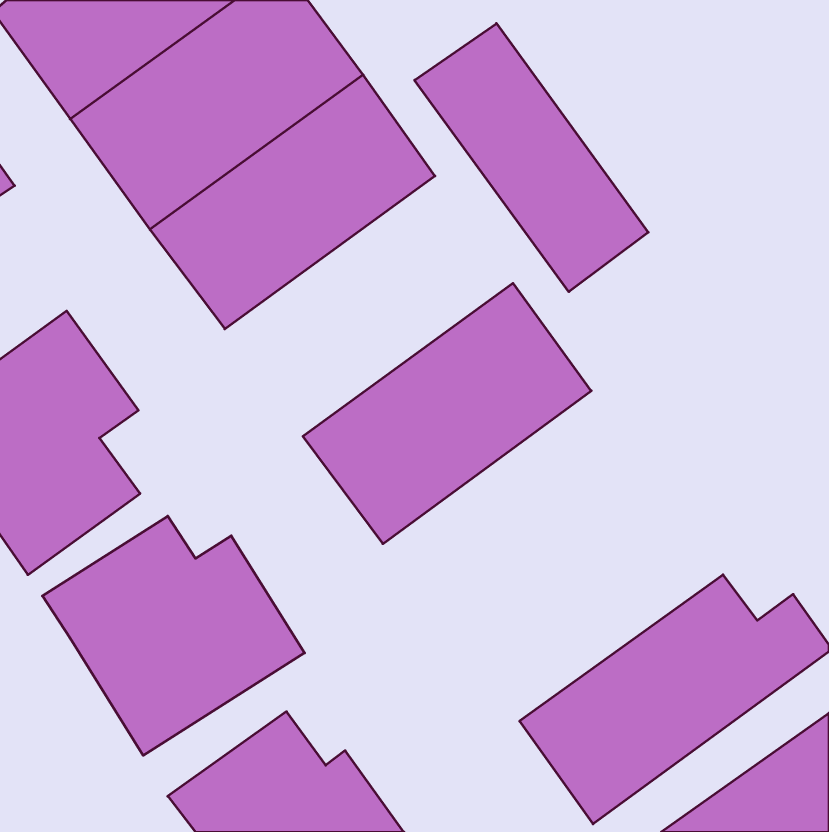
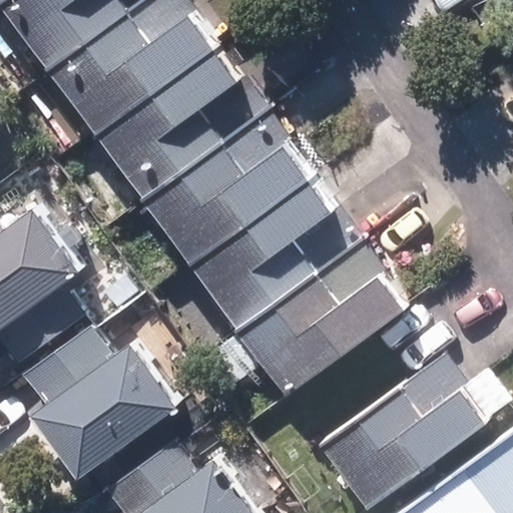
building: [415,23,648,292] -> none
building: none -> [138,108,316,269]
building: none -> [235,240,412,399]

